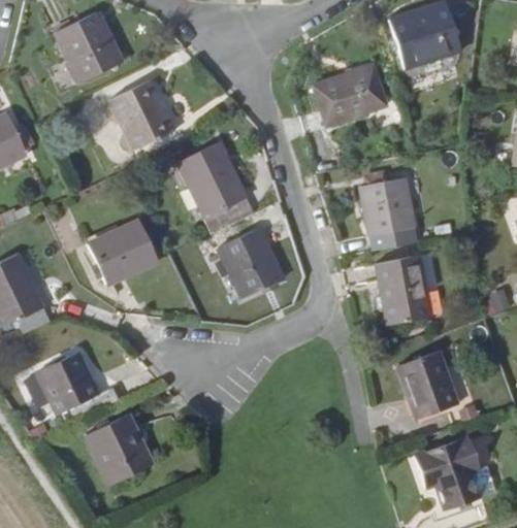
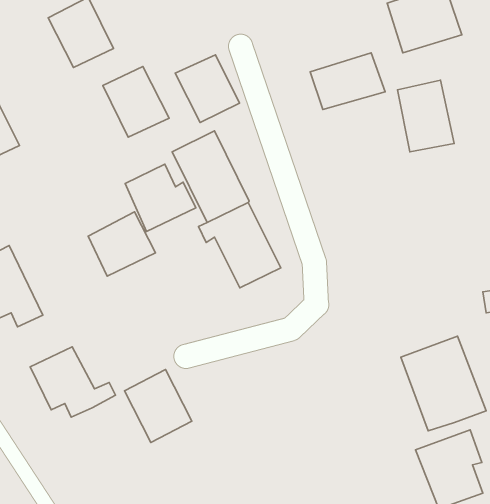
building: none -> [175,55,240,122]
building: none -> [125,164,196,231]
building: [364,177,420,248] -> [397,80,454,152]
building: [380,252,434,320] -> none
building: [89,416,155,487] -> [124,370,192,442]

